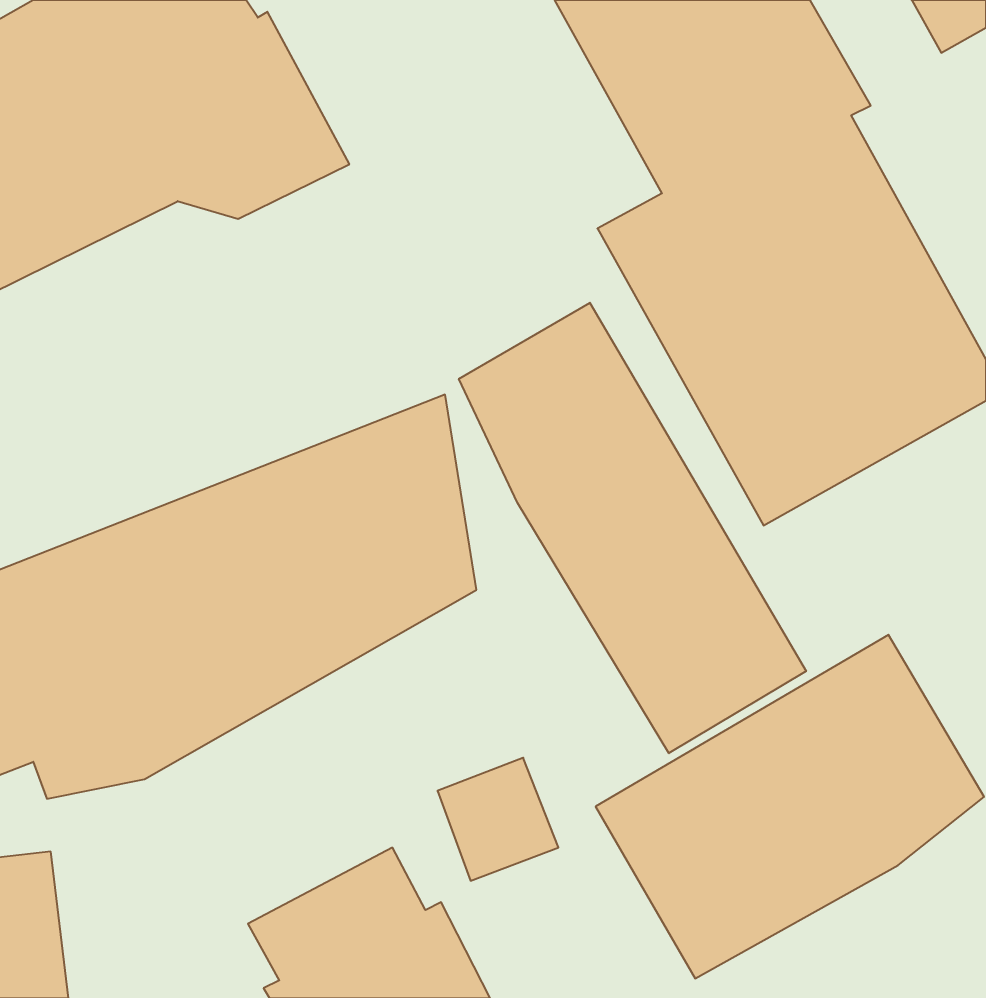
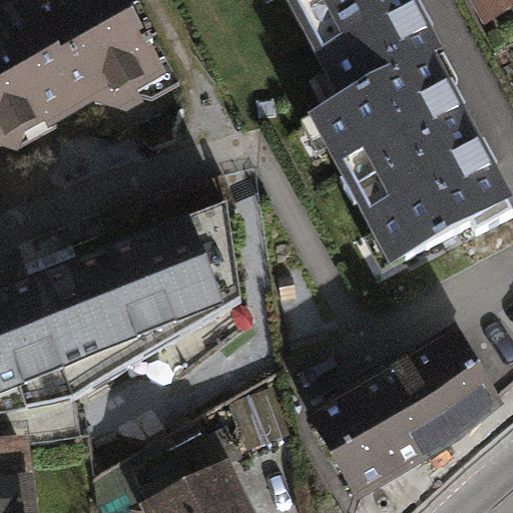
building: [459,303,806,753] -> none

